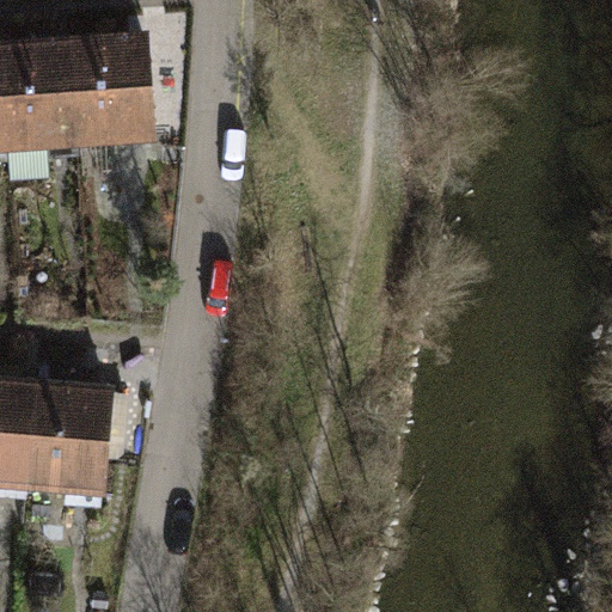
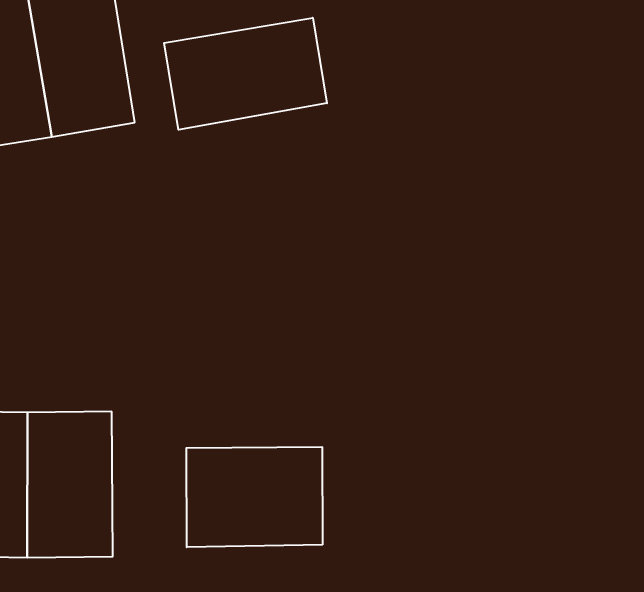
building: none -> [164,18,327,130]
building: none -> [186,447,322,547]

